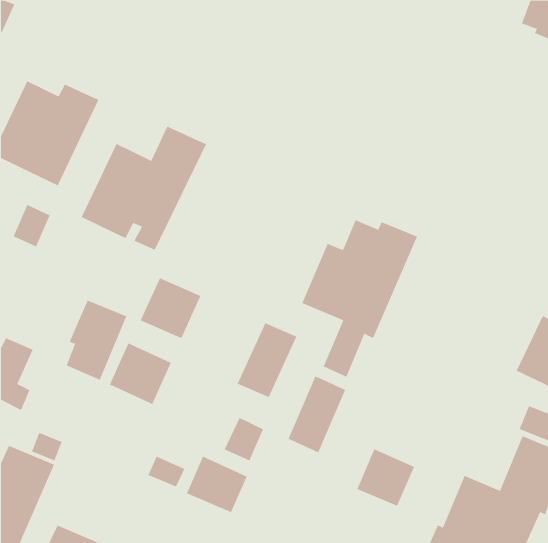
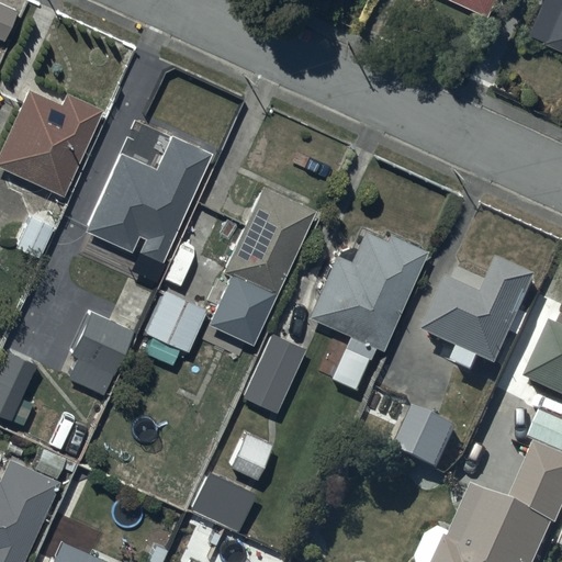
building: none -> [212,187,314,345]
building: none -> [426,266,540,378]
building: [109,342,171,405] -> none
building: [288,376,346,453] -> none
building: [357,448,415,507] -> [398,414,458,473]

